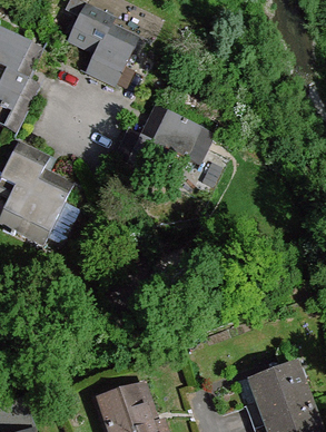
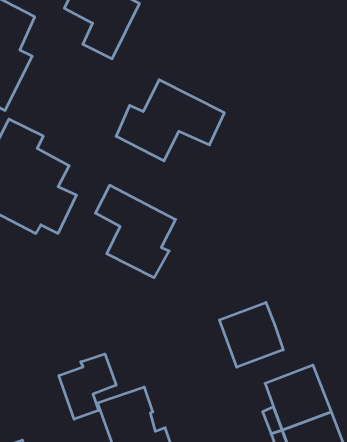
building: none -> [95,185,176,278]
building: none -> [219,302,283,367]
building: none -> [59,354,116,419]

